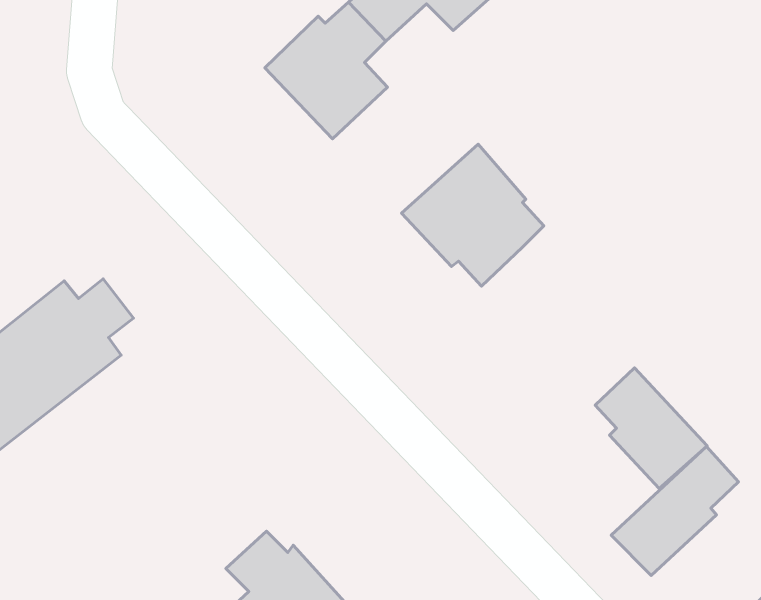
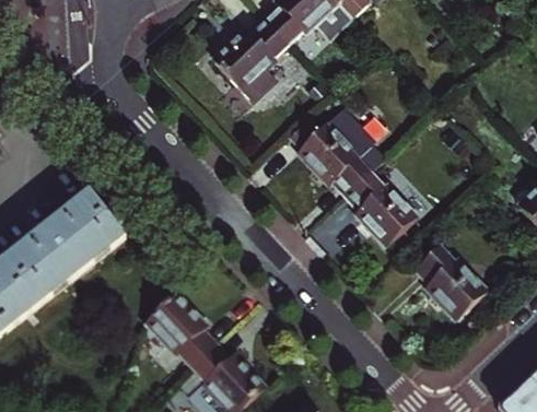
building: none -> [347,172,416,247]
building: [611,446,739,576] -> none
building: none -> [147,296,214,369]

